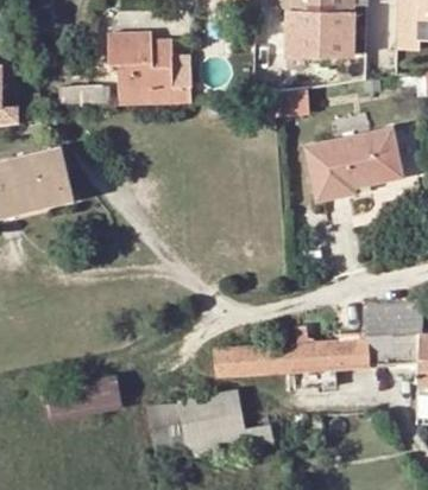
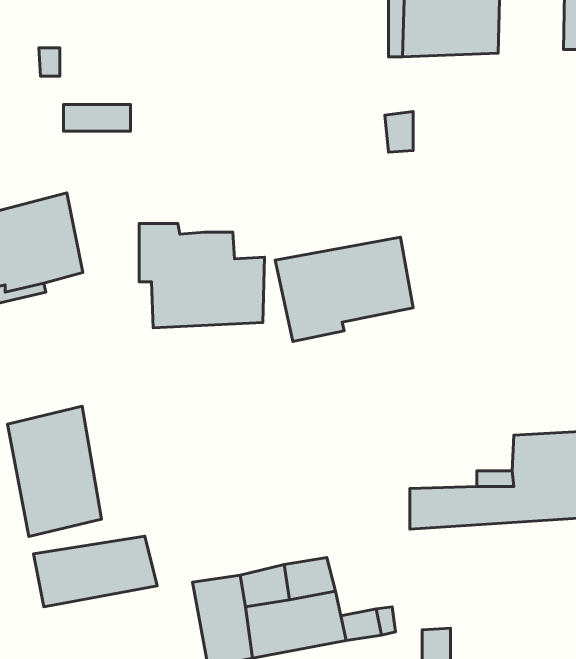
building: [111,32,195,102] -> [139,223,264,328]
building: [308,129,401,199] -> [275,237,413,342]
building: none -> [8,406,101,537]
building: [215,343,294,374] -> none

